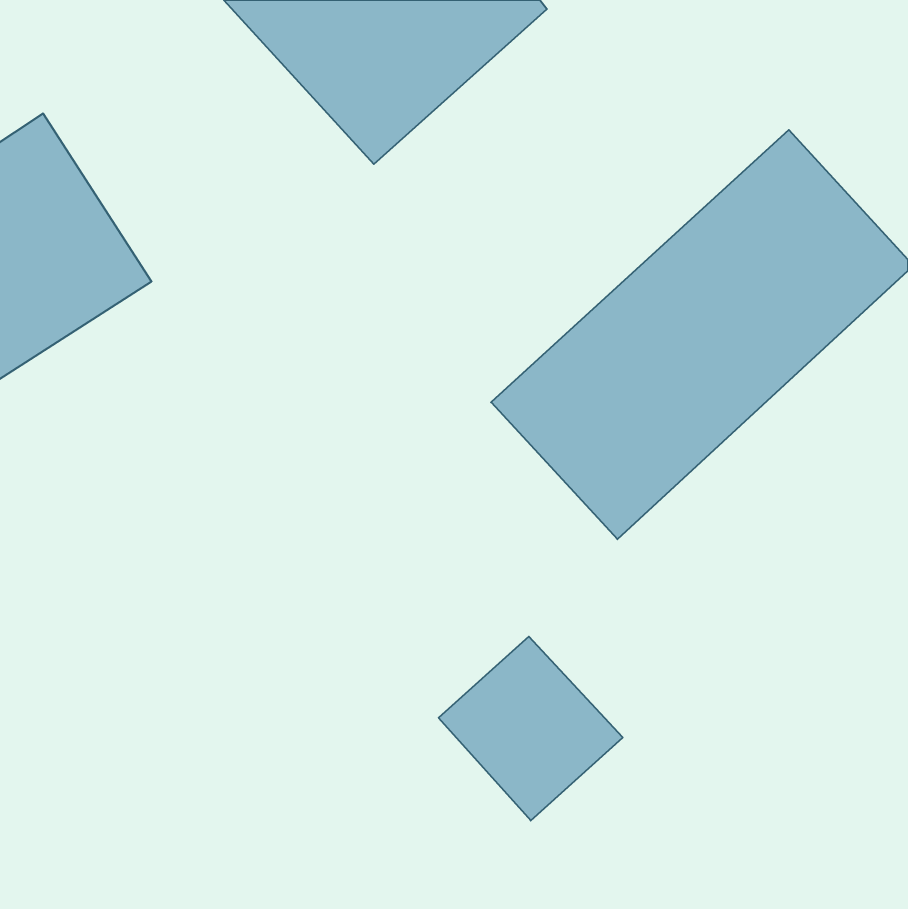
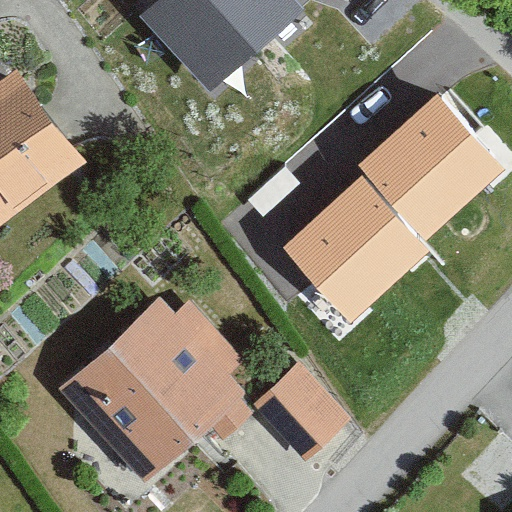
building: none -> [69,302,246,478]

